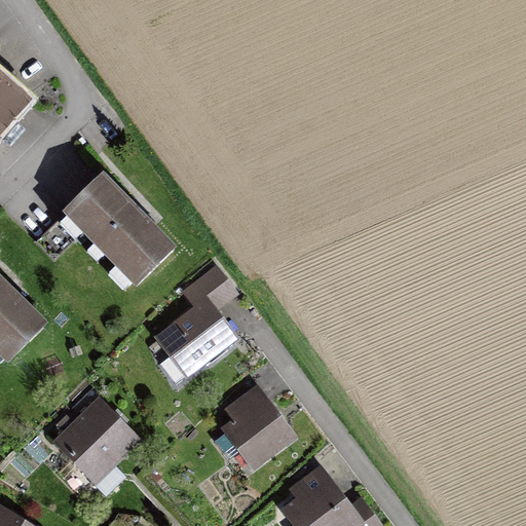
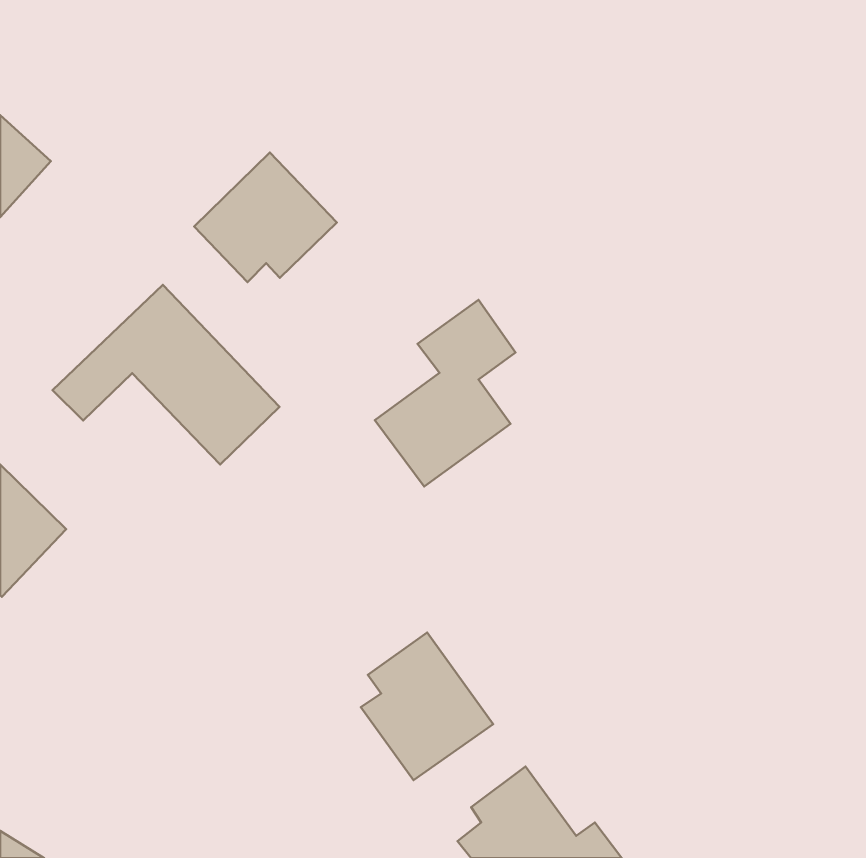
building: none -> [194,152,337,282]
building: [153,266,238,379] -> [375,300,516,486]
building: [50,397,143,488] -> none

